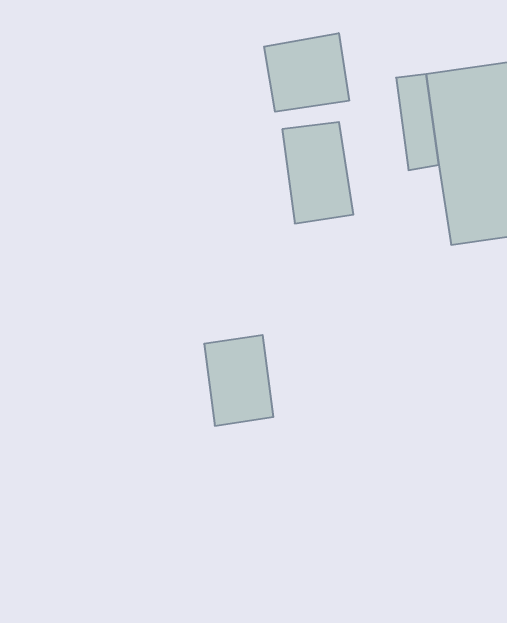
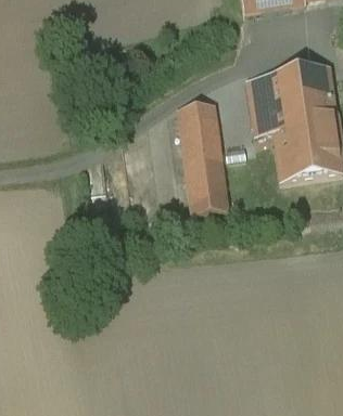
building: [264,33,349,112] -> none
building: [204,335,273,426] -> [186,158,228,213]

